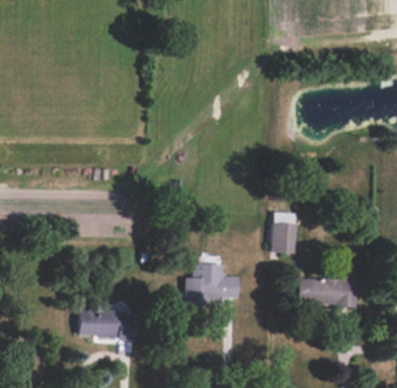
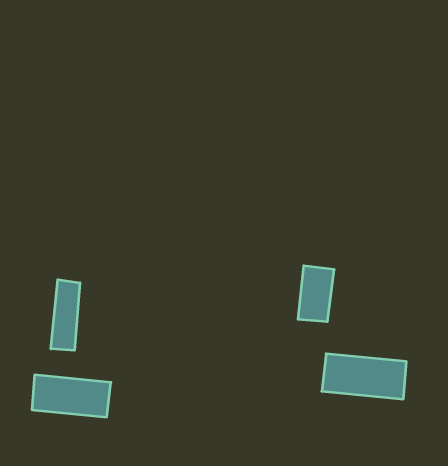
building: none -> [51,280,80,350]
building: [184,264,238,307] -> none

